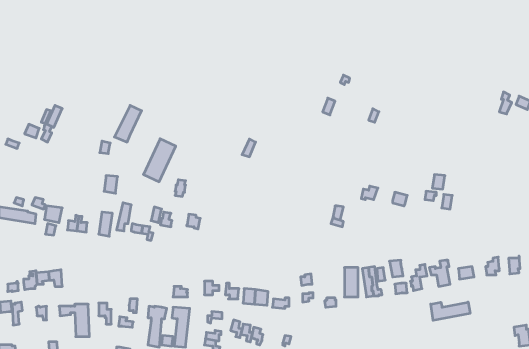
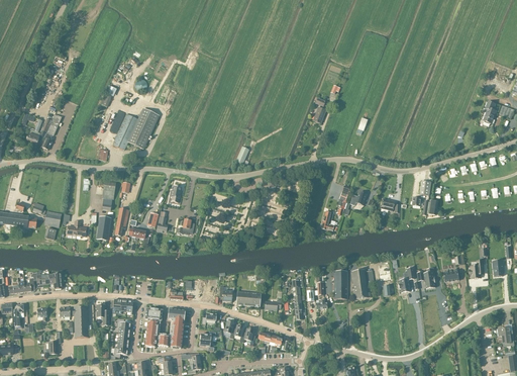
building: [143,139,176,182] -> [127,107,159,149]
building: [431,302,470,320] -> none

